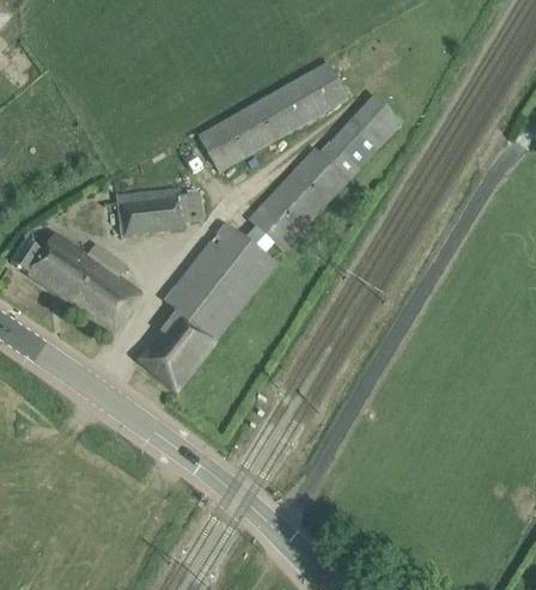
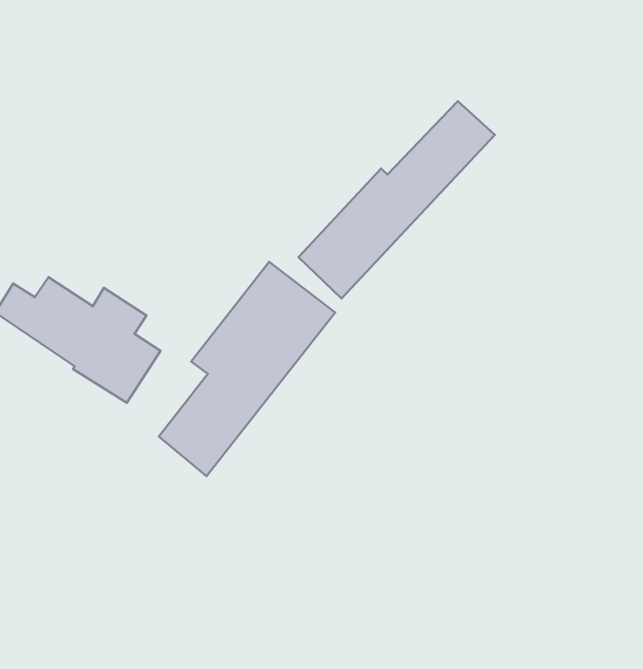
building: [197,62,349,175] -> none
building: [117,183,203,231] -> none

